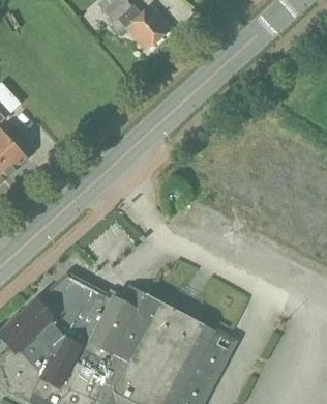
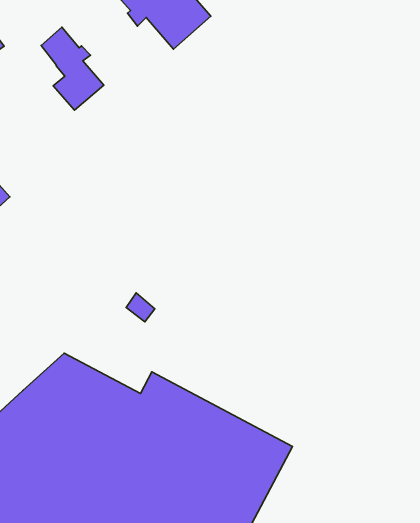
building: none -> [41,27,104,110]

